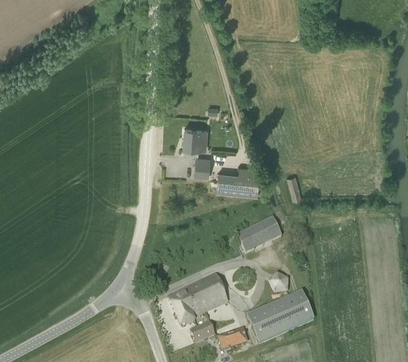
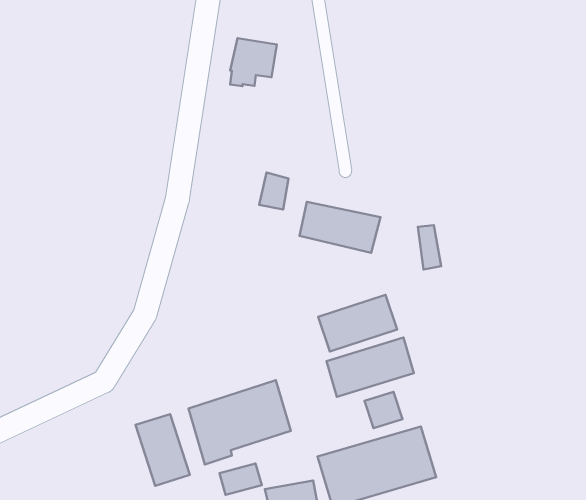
building: [183,127,208,154] -> [230,38,277,86]
building: none -> [326,338,414,397]
building: none -> [136,414,190,486]

